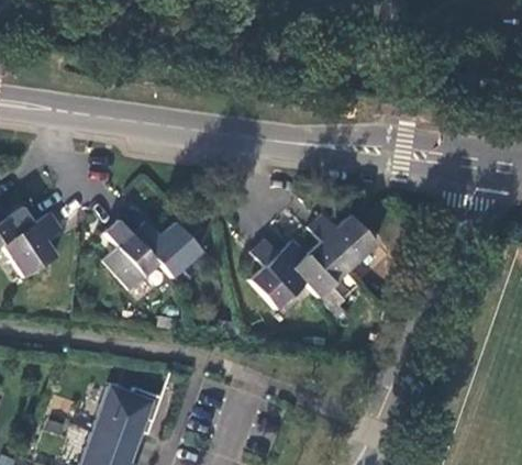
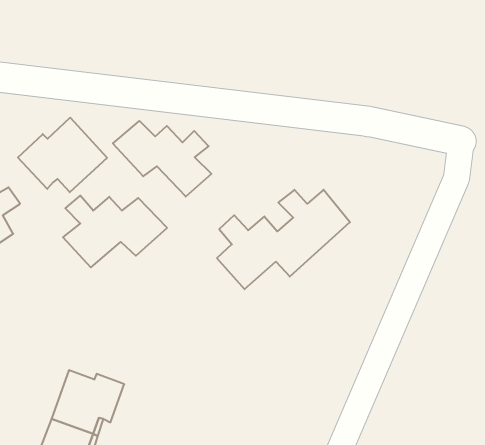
building: none -> [18,118,107,192]
building: none -> [113,121,211,197]

